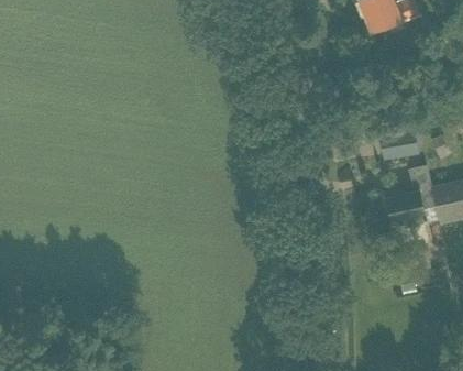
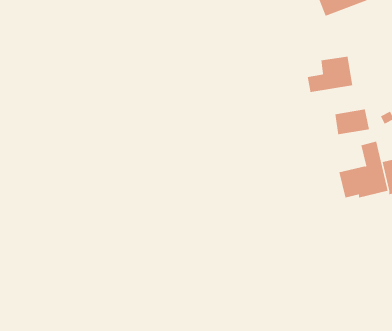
building: none -> [307,56,353,93]

